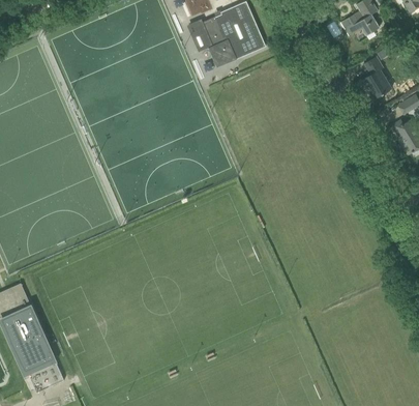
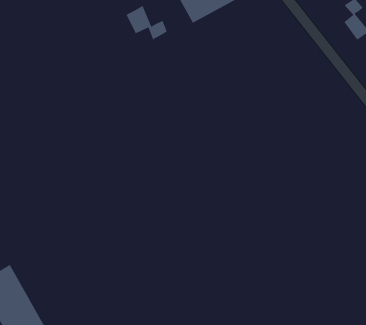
building: none -> [126,5,167,40]

